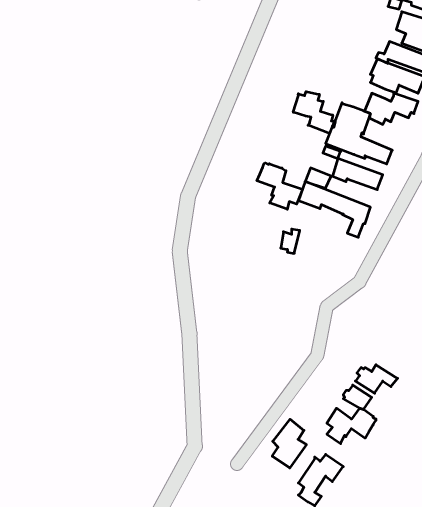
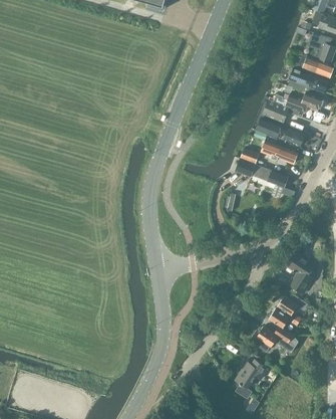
building: [293,92,334,133] -> none
building: [257,163,302,209] -> none
building: none -> [286,252,313,293]
building: [272,419,306,468] -> none

